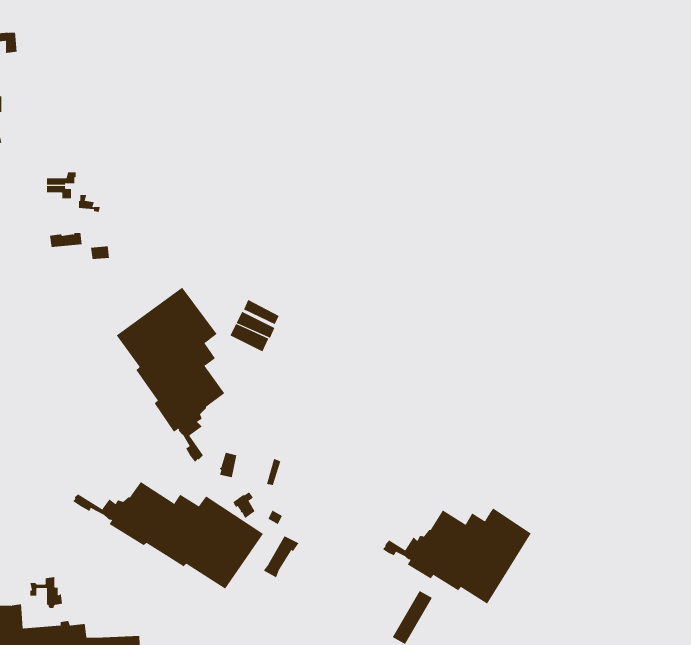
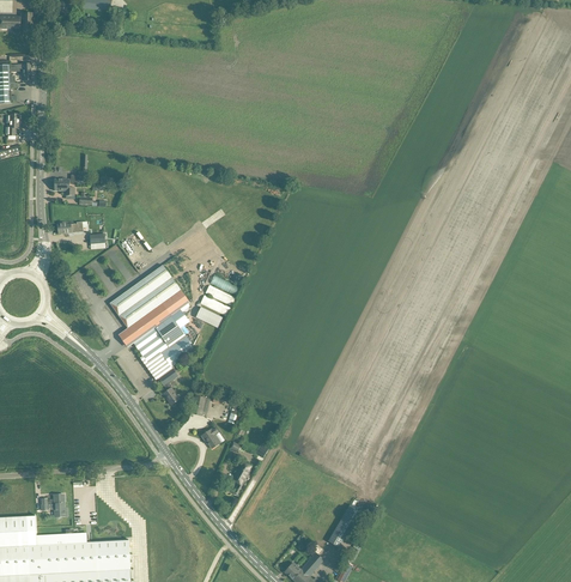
building: [72,481,264,589] -> none
building: [382,507,531,604] -> none

